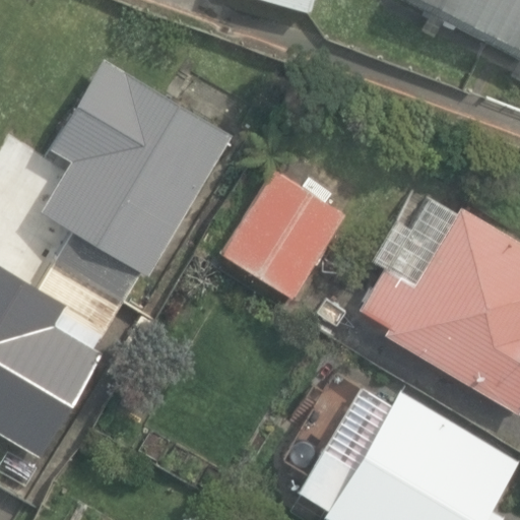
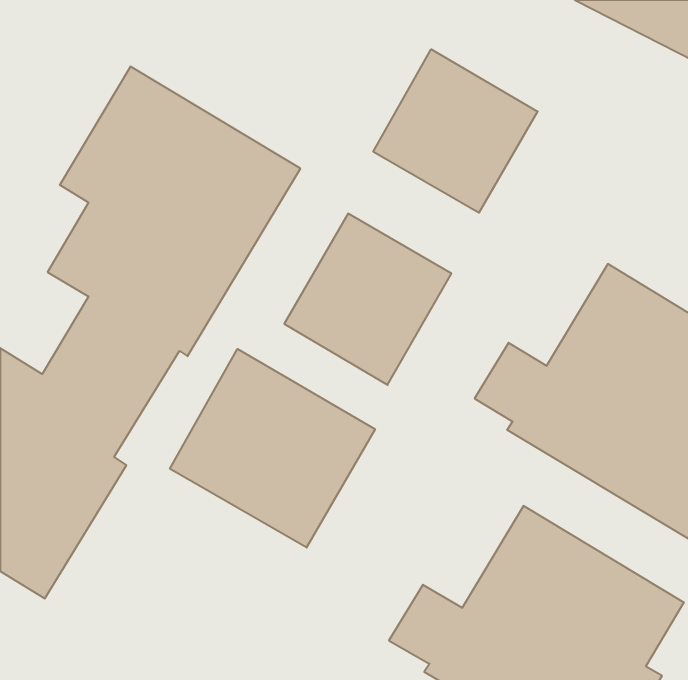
building: none -> [373,49,538,213]
building: none -> [170,349,375,548]

